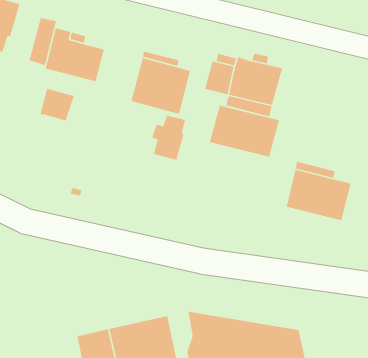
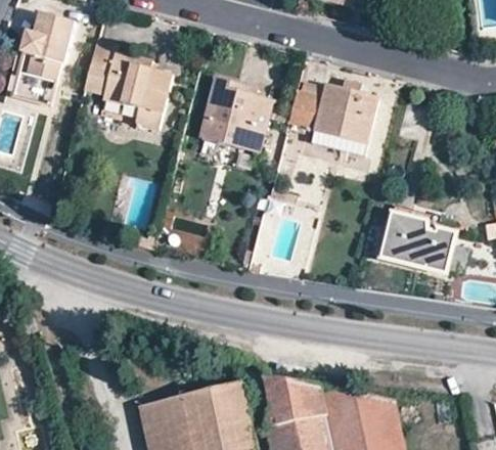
building: [40,88,75,121] -> none
building: [209,105,280,158] -> none
building: [151,115,186,161] -> none

